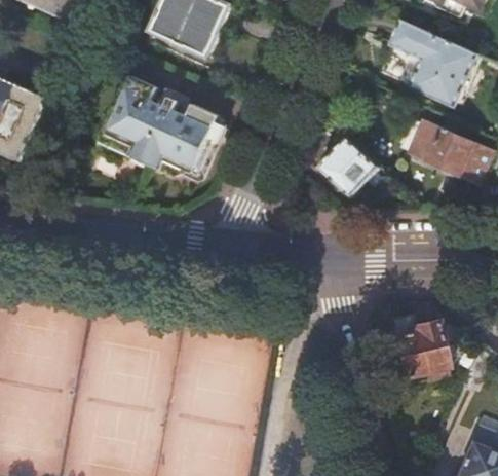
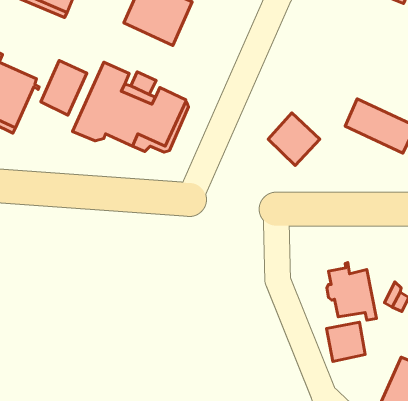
building: [390,19,476,105] -> none
building: none -> [41,60,87,115]
building: none -> [326,322,365,361]

